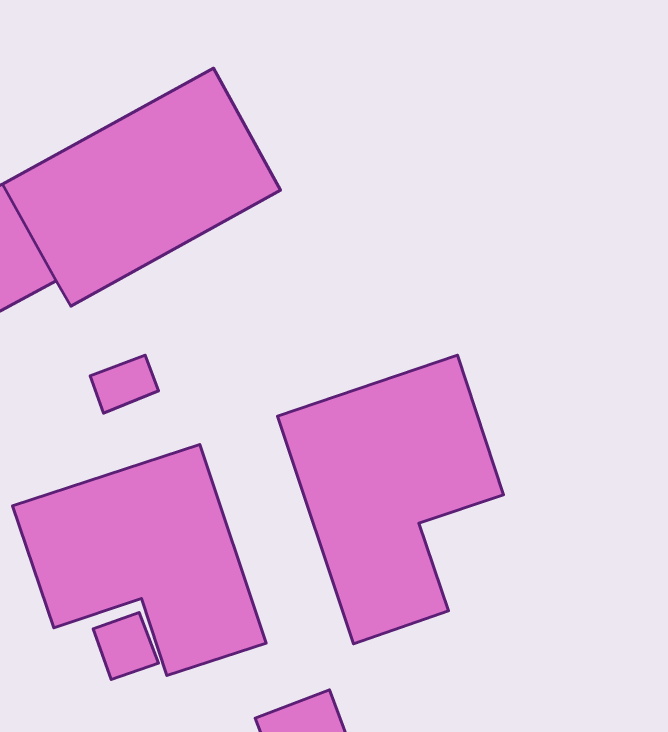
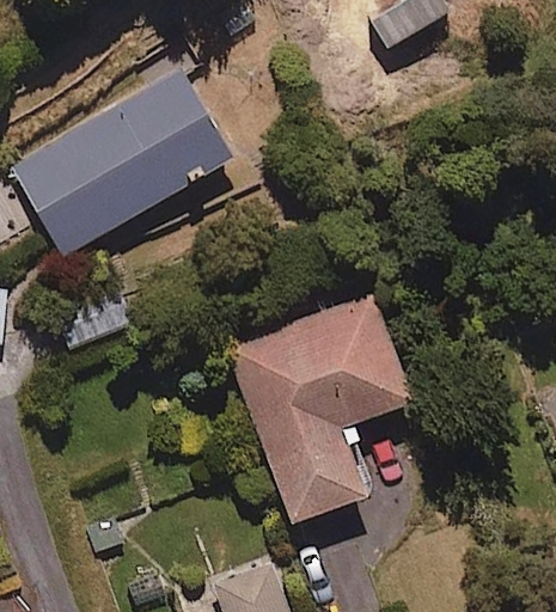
building: [13,444,266,675] -> none

